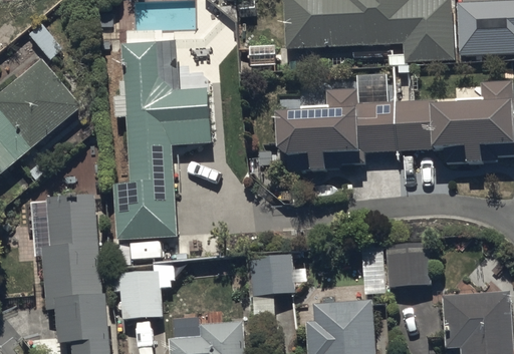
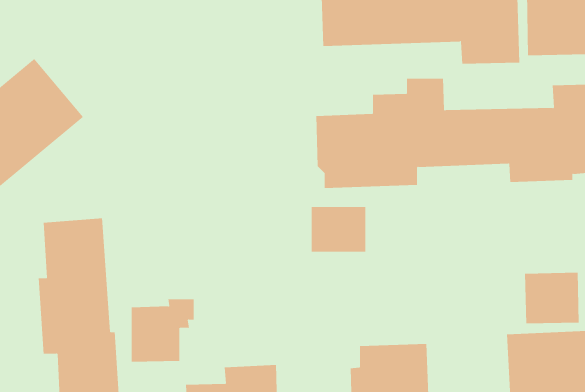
building: [114,40,211,259] -> none
building: [384,241,432,285] -> [524,272,580,324]
building: [246,254,293,293] -> [311,206,366,252]

